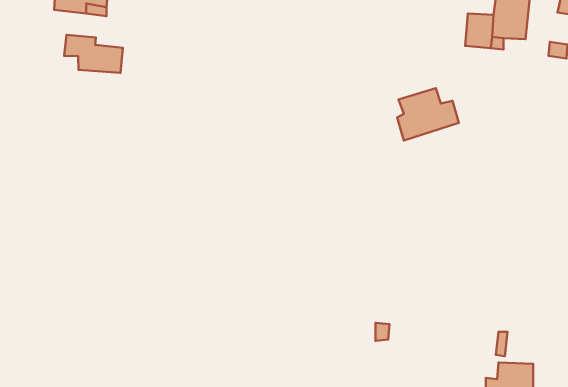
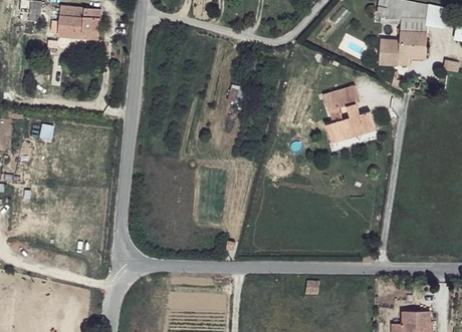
building: [64,35,123,73] -> none
building: none -> [321,81,358,106]

